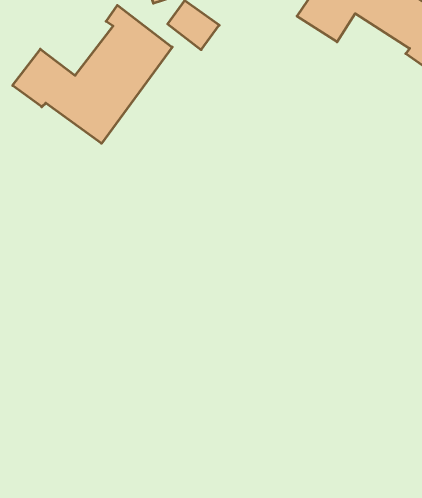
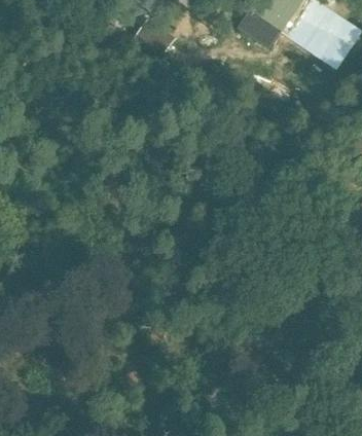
building: [13,5,172,143] -> none

